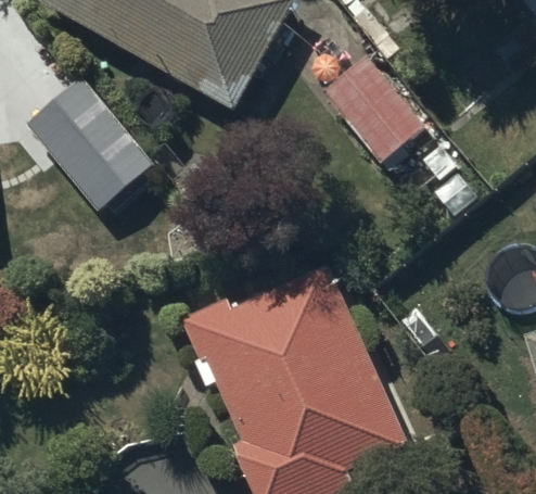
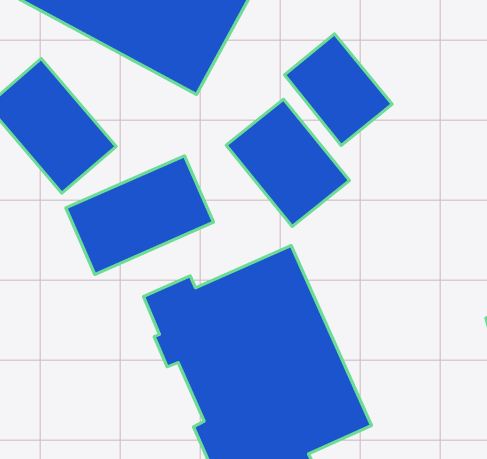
building: none -> [226,99,349,226]
building: none -> [66,156,213,275]

